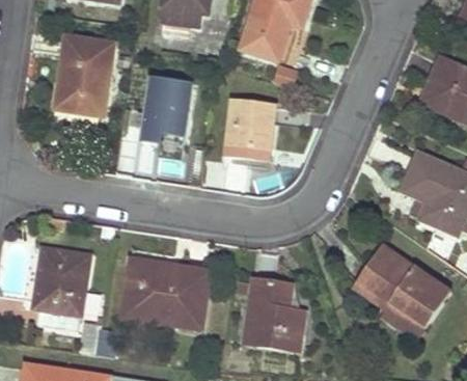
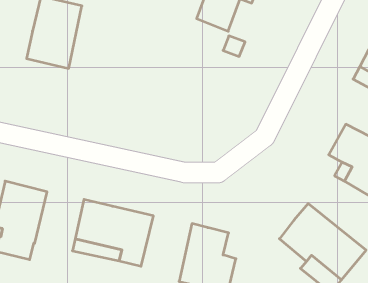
building: [141,78,192,144] -> none
building: [225,99,274,158] -> none

